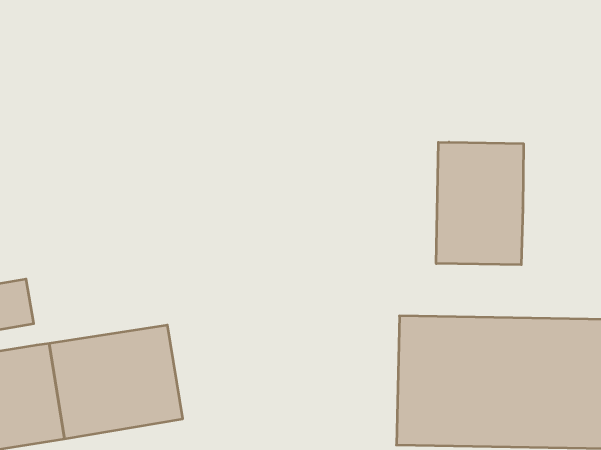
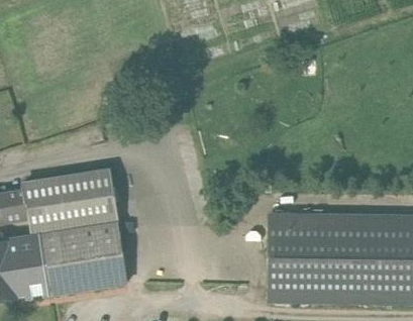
building: [436,142,523,265] -> none
building: none -> [22,169,116,232]

